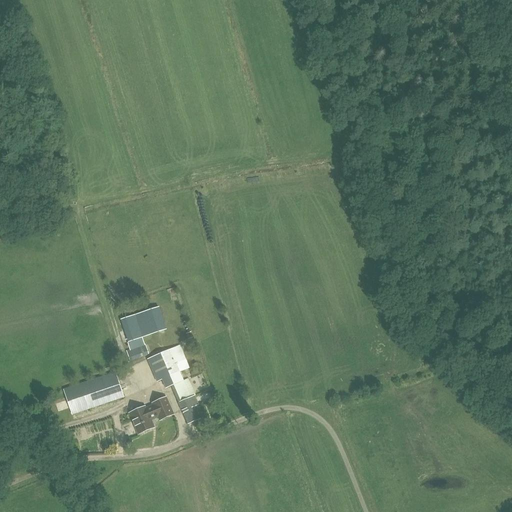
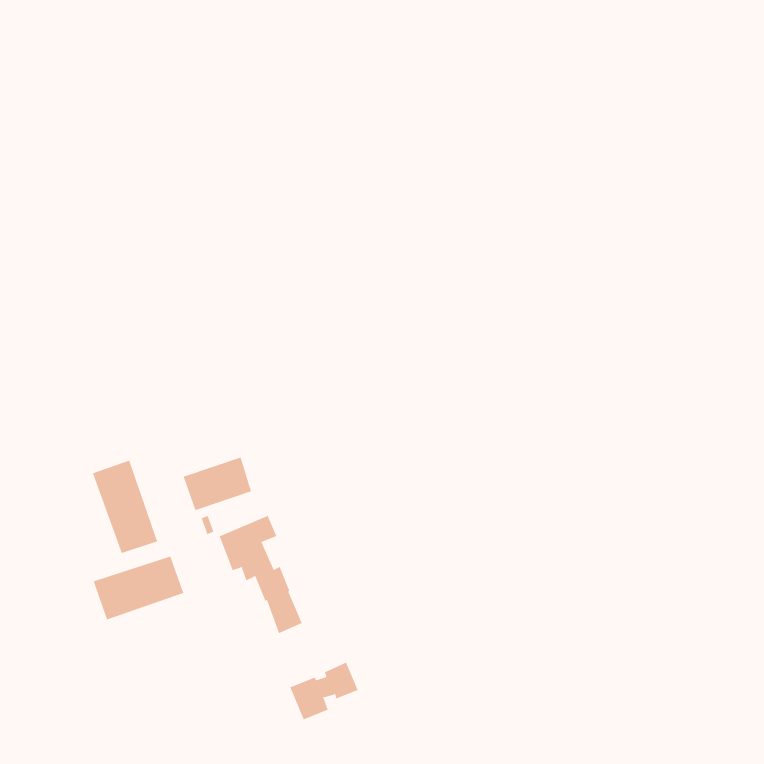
building: none -> [92,460,158,554]
building: [127,395,173,434] -> [290,662,358,720]

